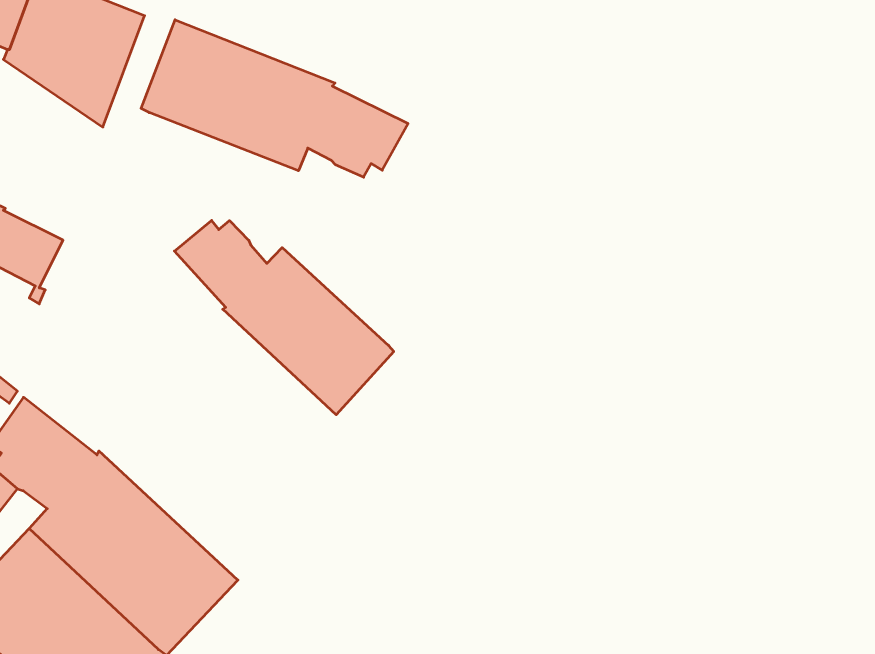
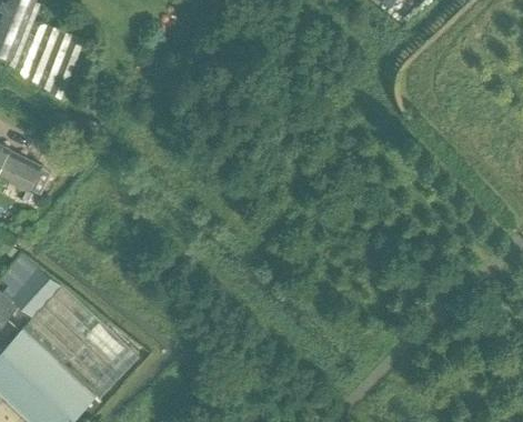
building: [141,20,408,177] -> none
building: [174,220,394,415] -> none

